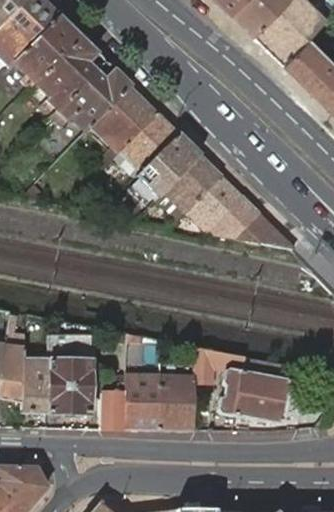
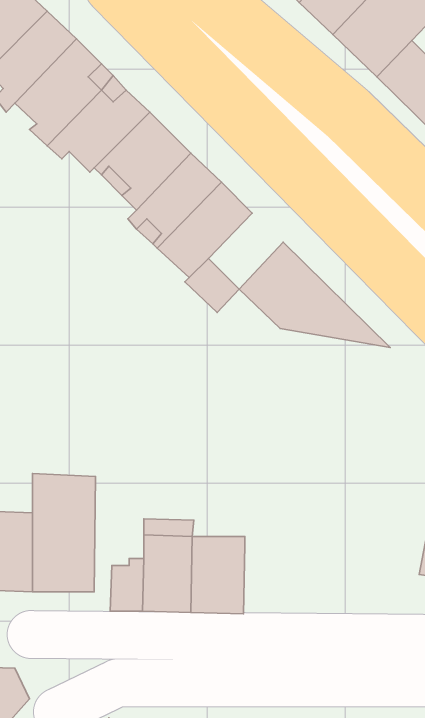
building: [169,156,220,208] -> none
building: [194,348,288,425] -> none

